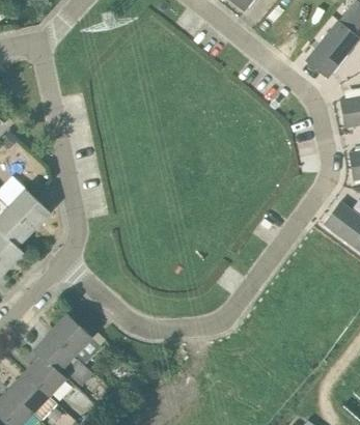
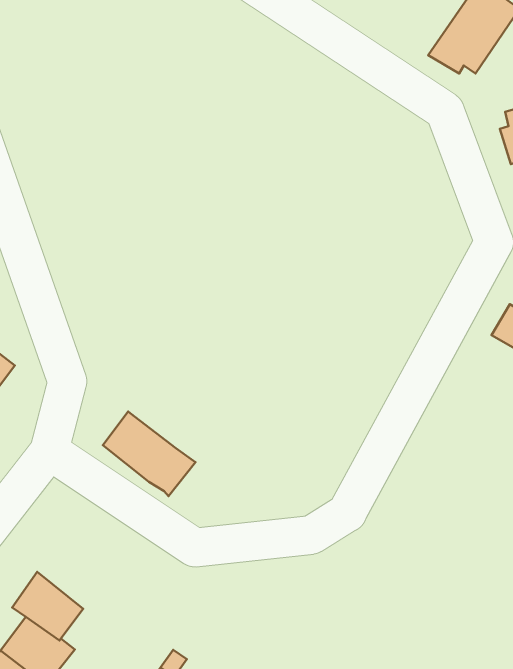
building: [50,313,102,364] -> [103,411,196,496]

